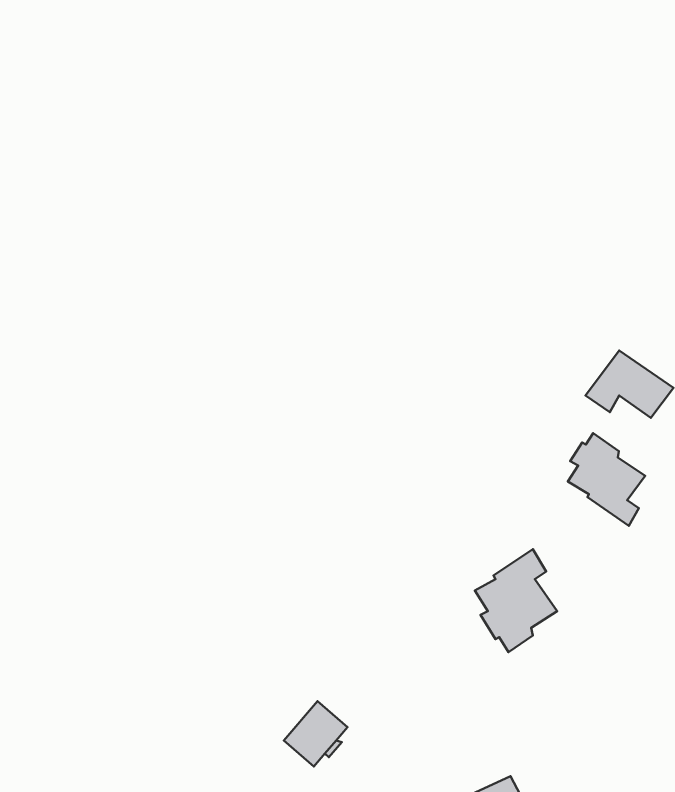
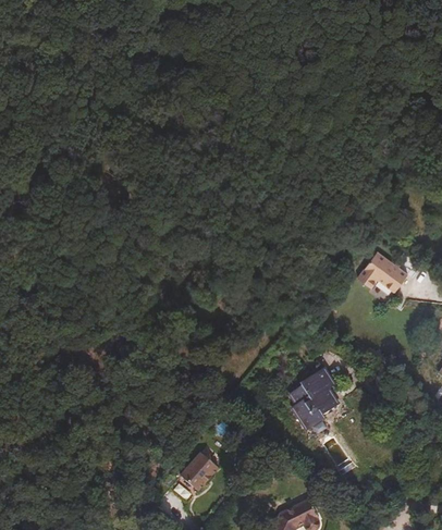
building: [568,433,645,526] -> none

